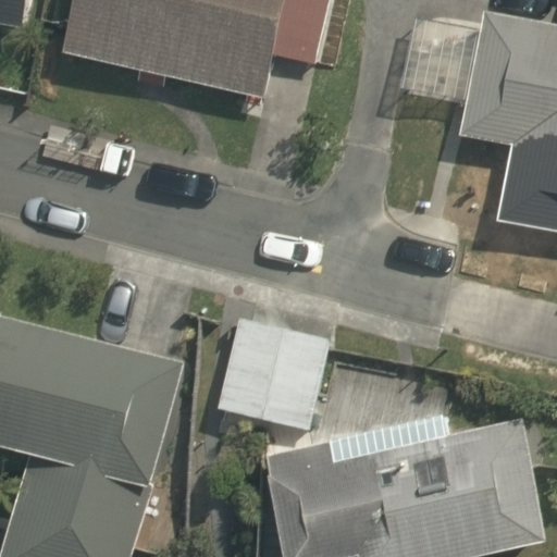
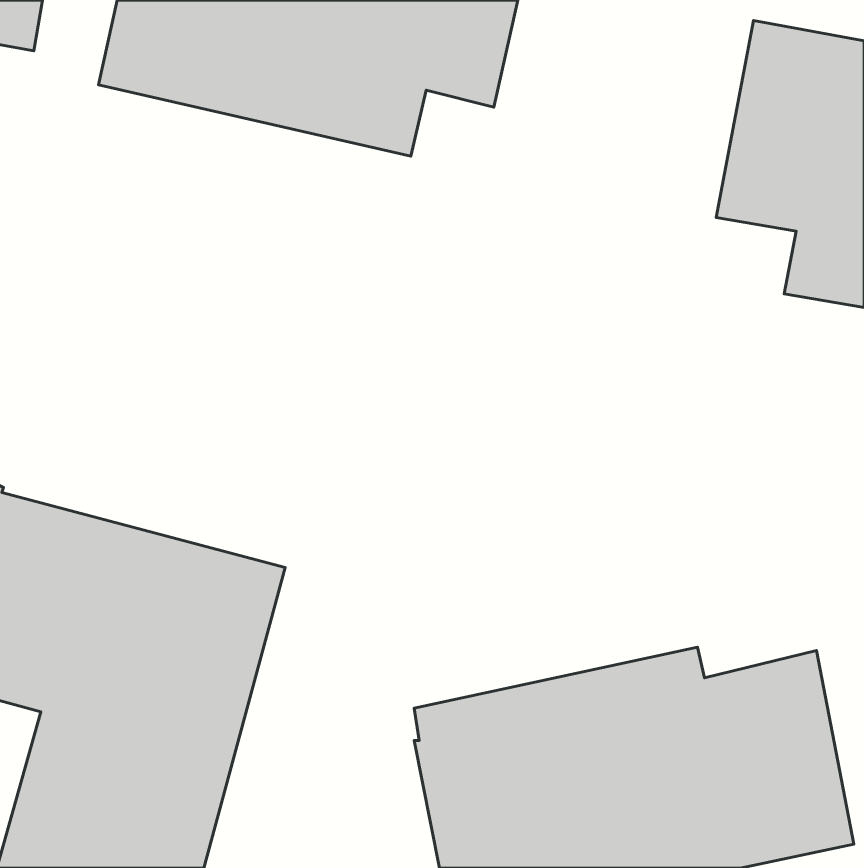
building: [215,319,332,431] -> none

